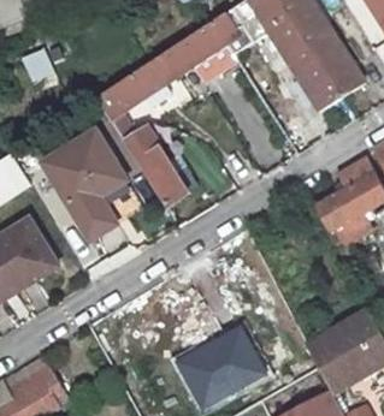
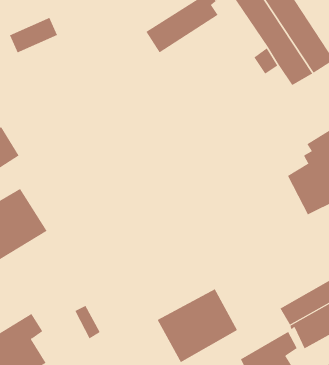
building: [96,53,178,138] -> none
building: [125,129,189,208] -> none
building: [45,131,143,243] -> none

